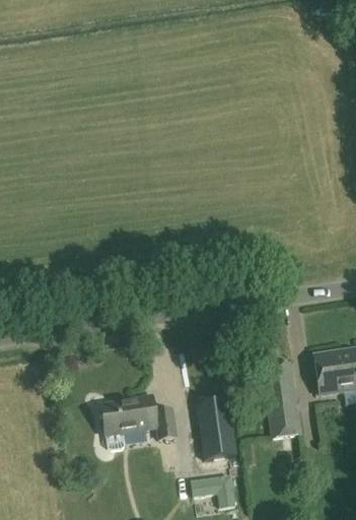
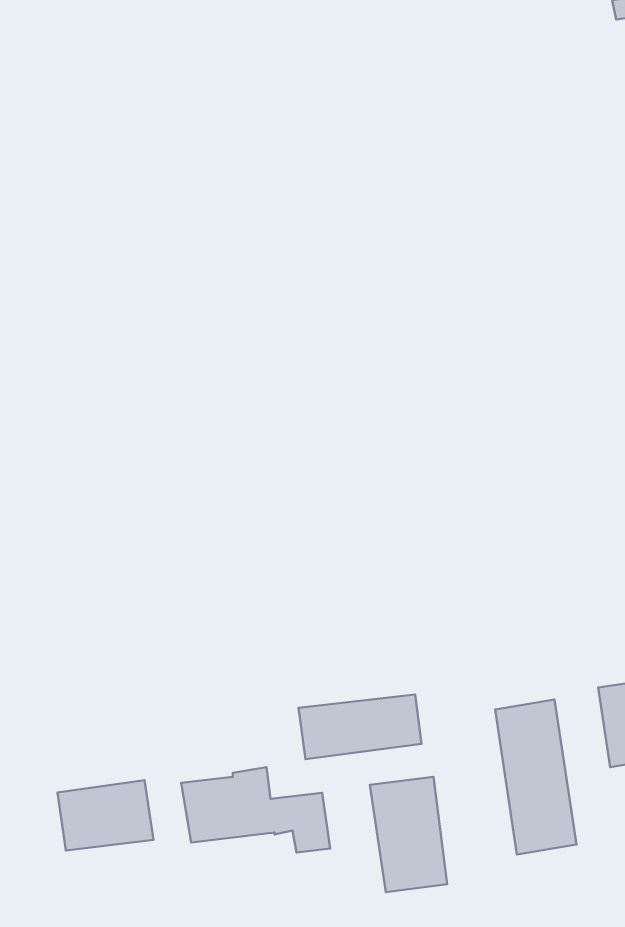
building: none -> [299,694,422,759]
building: none -> [58,780,153,851]

